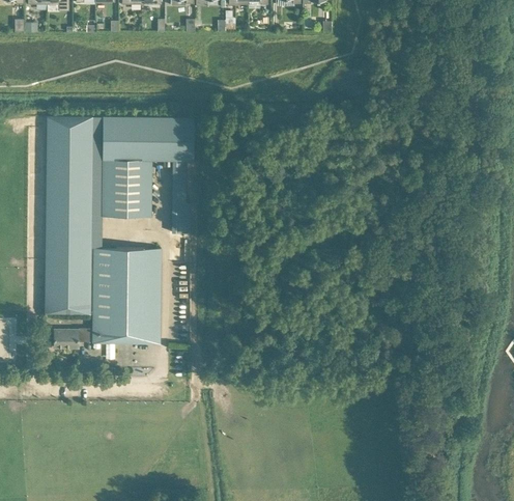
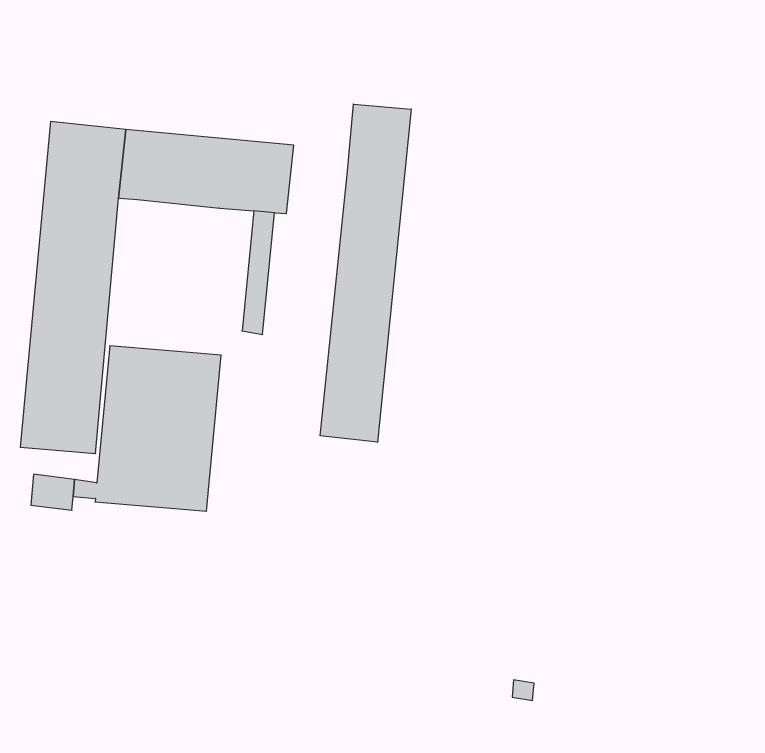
building: none -> [320,104,411,442]
building: [102,159,152,218] -> none

